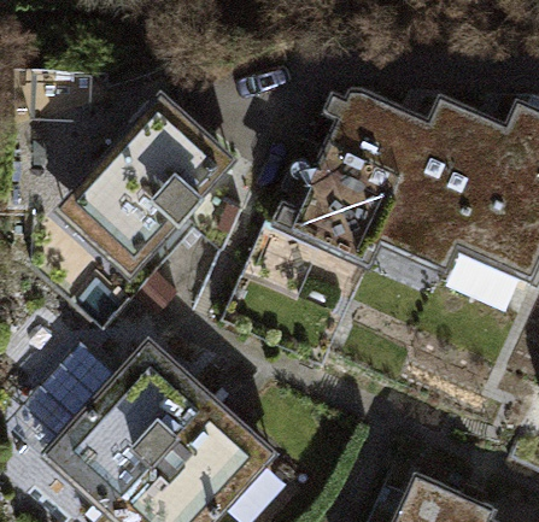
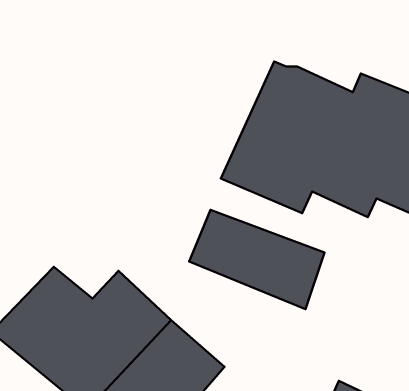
building: [52,92,236,280] -> none
building: none -> [189,210,325,309]

